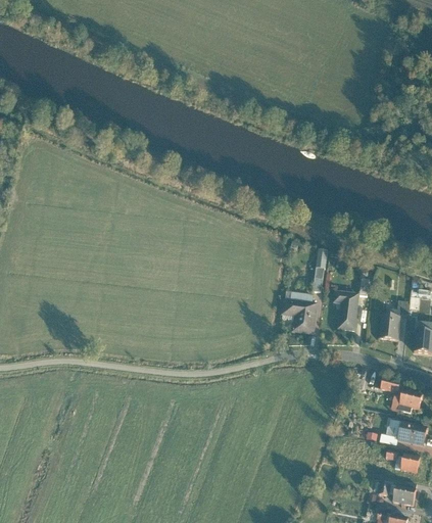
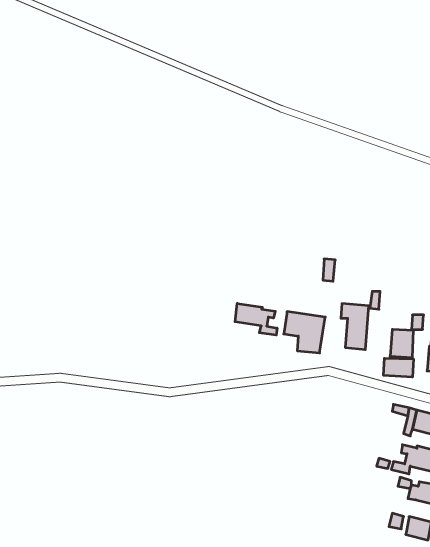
building: none -> [235,303,277,335]
building: none -> [384,358,413,377]

